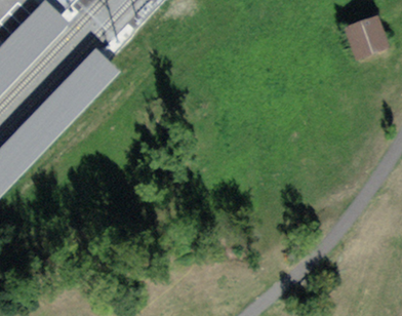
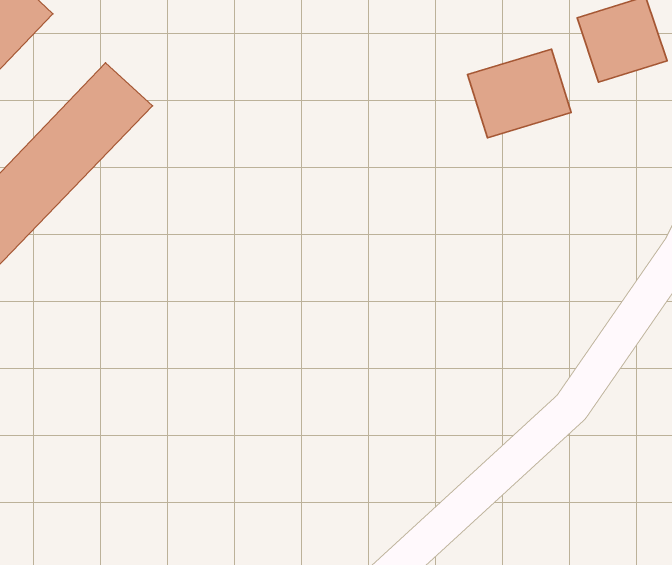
building: none -> [468,49,571,138]

